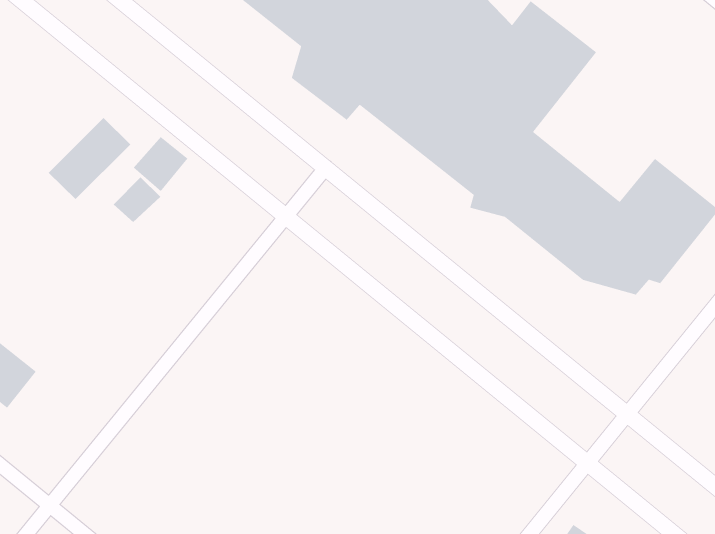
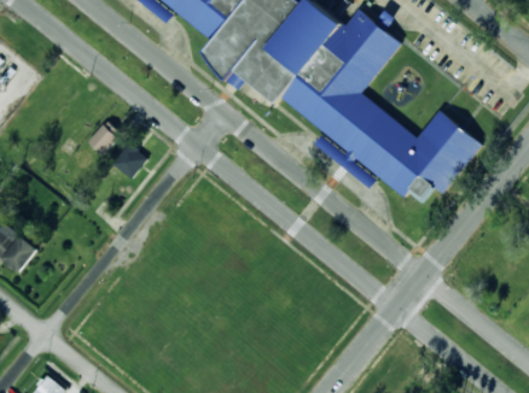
building: [48,117,131,200] -> none
building: [133,136,189,192] -> [111,142,147,178]

